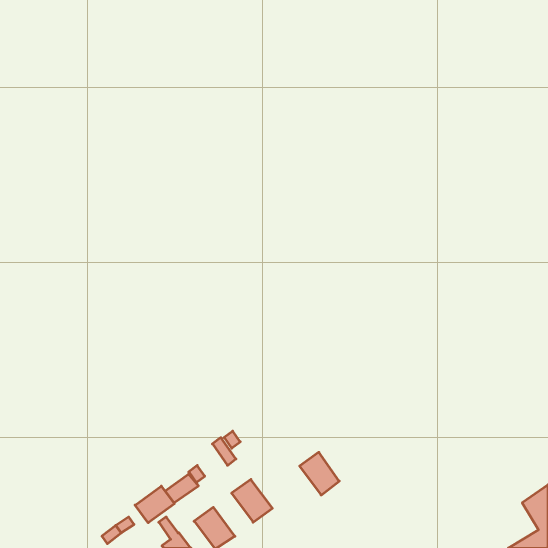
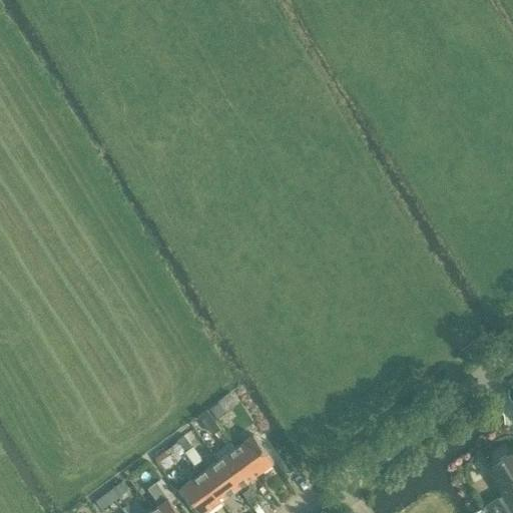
building: [300,452,339,495] -> [234,435,272,475]
building: [135,486,174,523] -> none
building: none -> [199,461,236,501]

